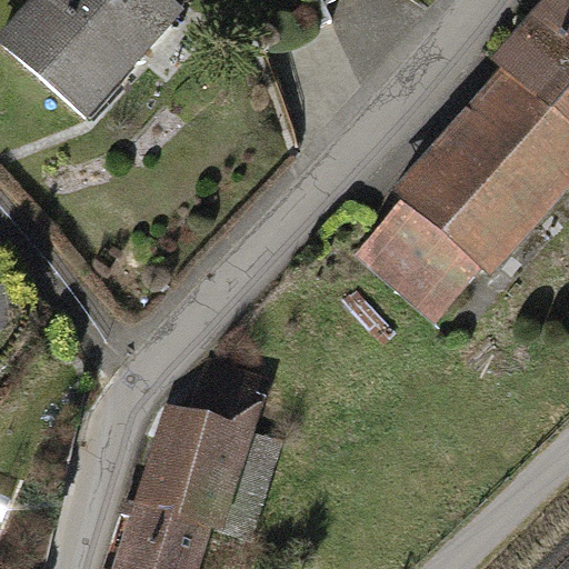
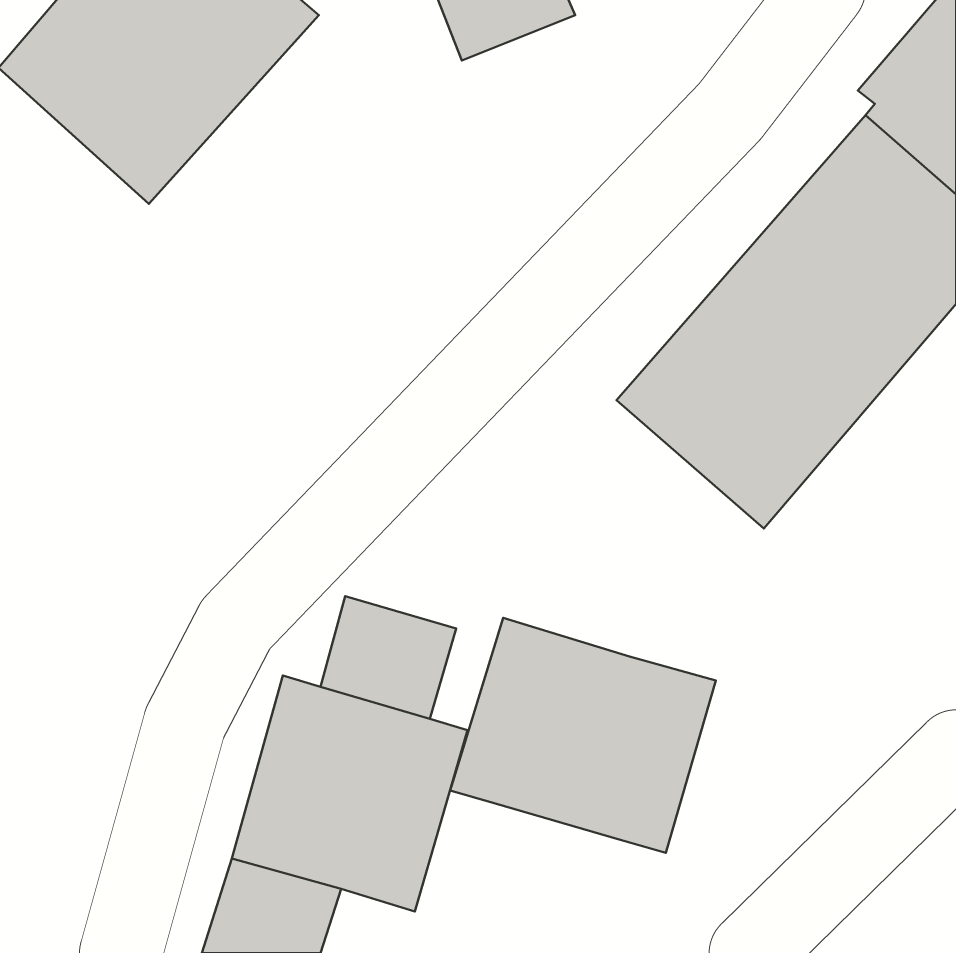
building: none -> [450,618,716,853]

